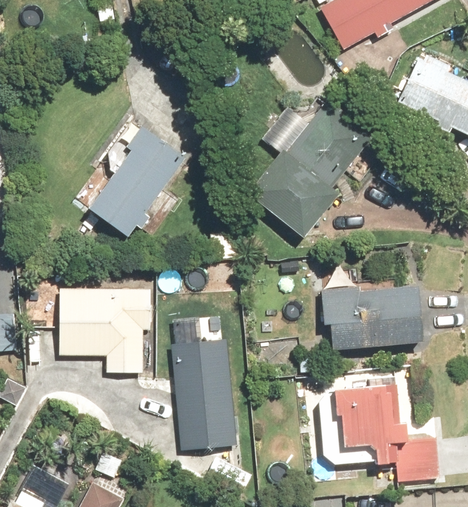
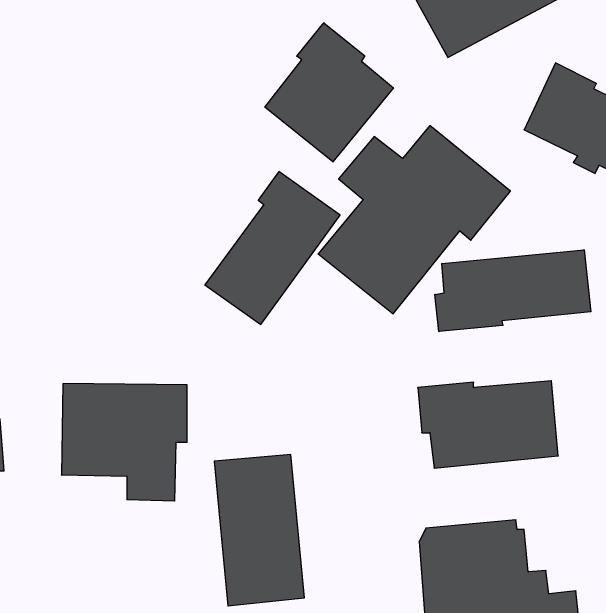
building: none -> [265,23,393,162]
building: [86,124,185,236] -> [205,172,340,324]
building: none -> [435,250,591,332]

